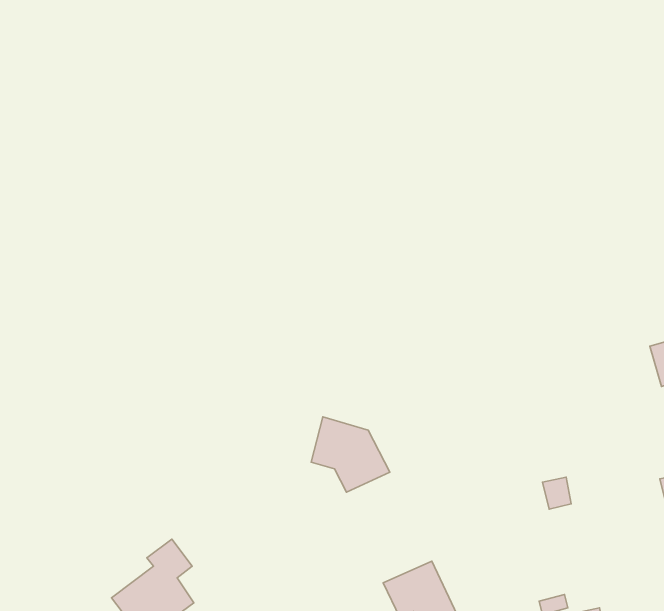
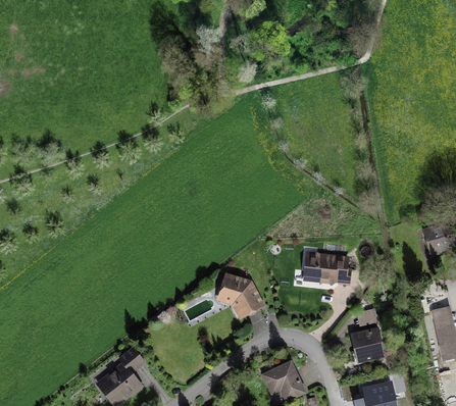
building: none -> [302,251,349,286]
building: none -> [349,328,384,363]

